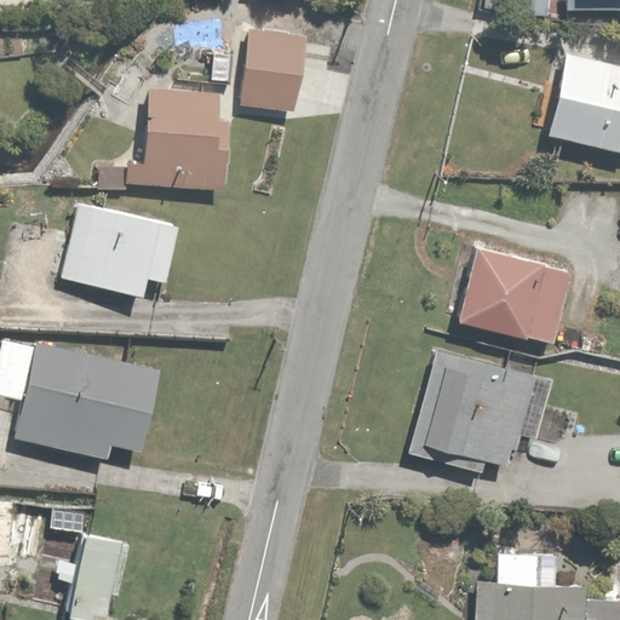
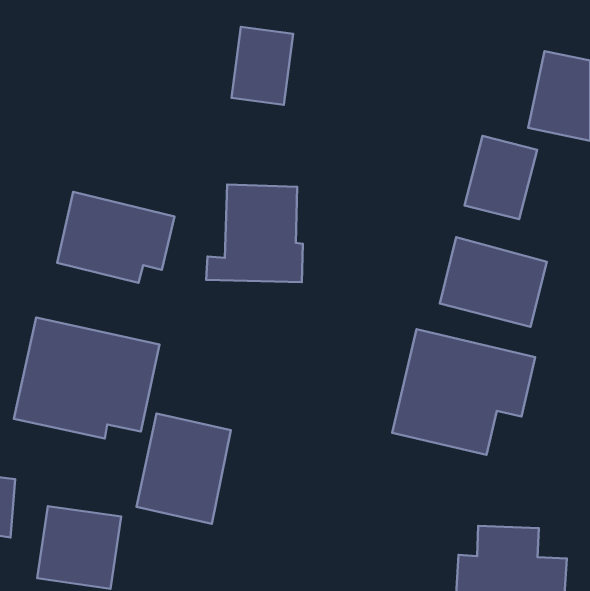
building: [127,86,228,188] -> [206,185,303,282]
building: none -> [465,136,537,219]
building: none -> [136,414,231,524]

